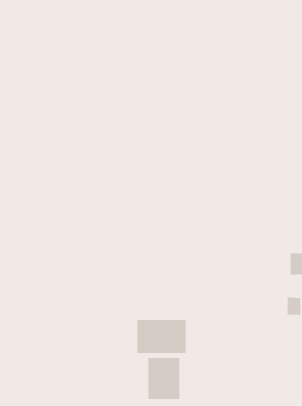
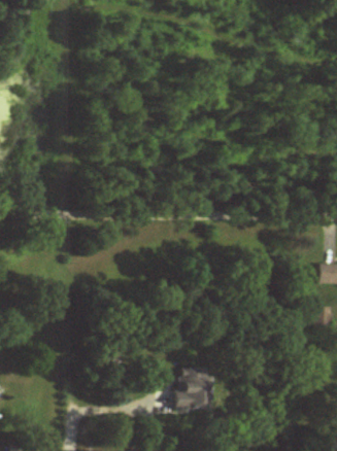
building: [137,319,186,354] -> none

